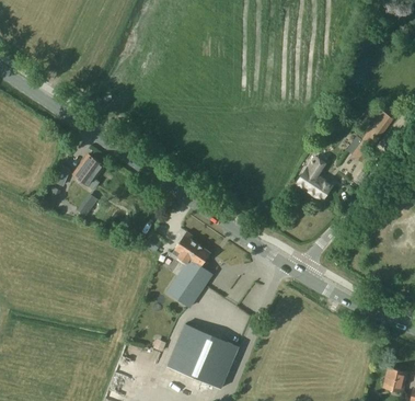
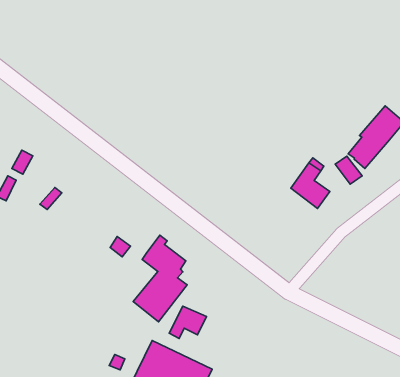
building: [73,153,104,186] -> none
building: none -> [169,306,206,339]

